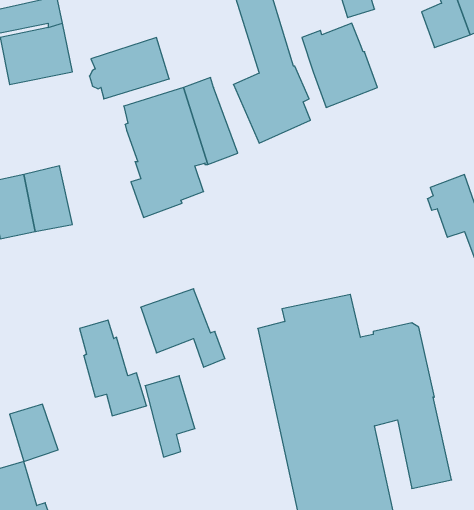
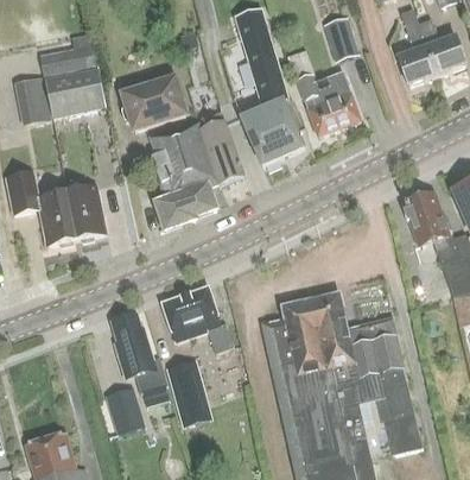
building: [10,404,58,461] -> [104,386,145,434]

